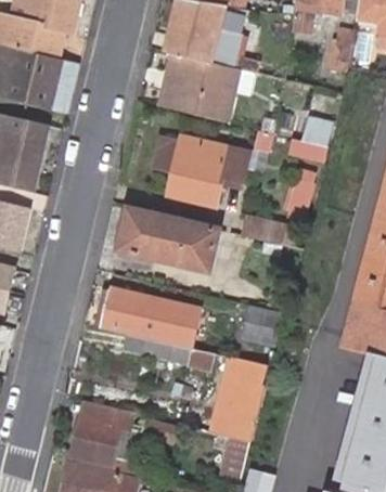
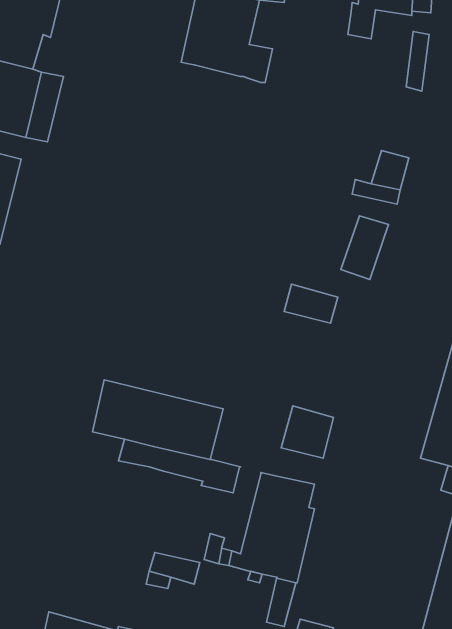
building: [158,52,255,121] -> none
building: [153,139,237,203] -> none
building: [120,209,216,268] -> none
building: [70,399,137,469] -> none

